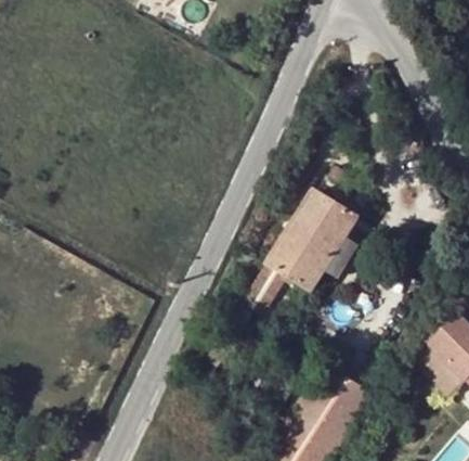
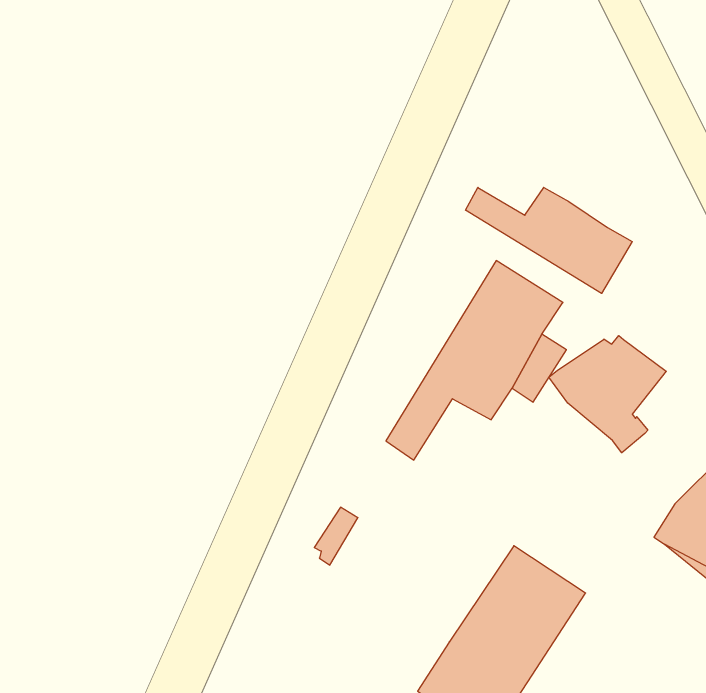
building: none -> [466,187,632,293]
building: none -> [549,336,666,453]

